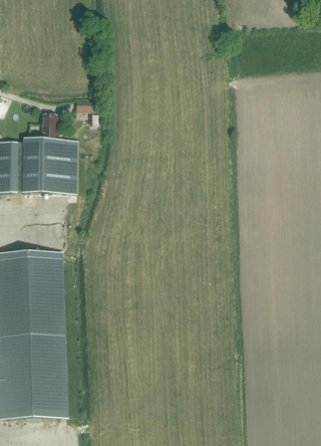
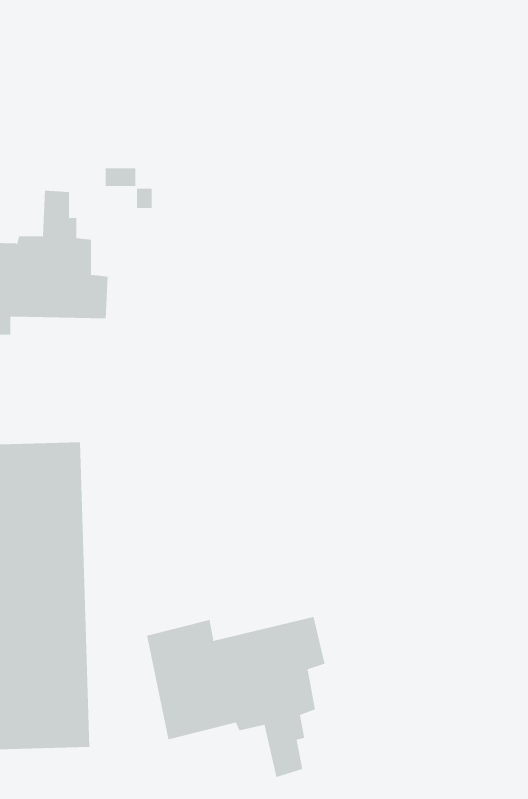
building: none -> [146,616,325,778]

